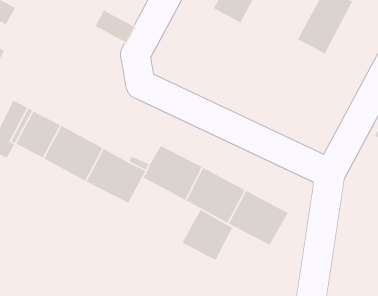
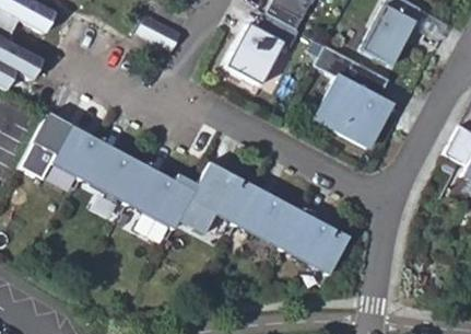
building: none -> [228,13,303,85]
building: none -> [313,44,391,147]
building: [182,209,233,261] -> none

